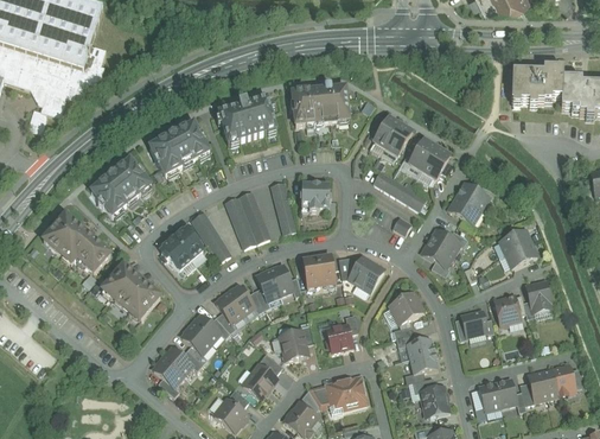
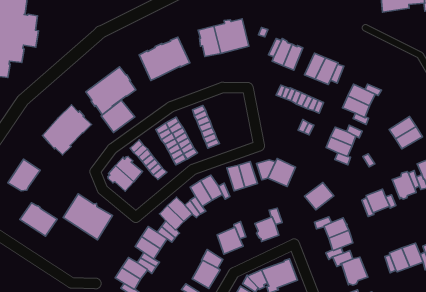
building: none -> [101,100,135,132]
building: [300,182,331,211] -> none
building: [66,230,110,272] -> [20,203,57,236]

